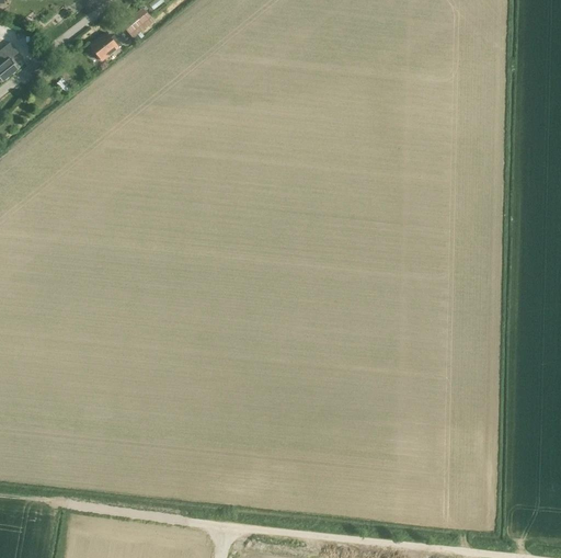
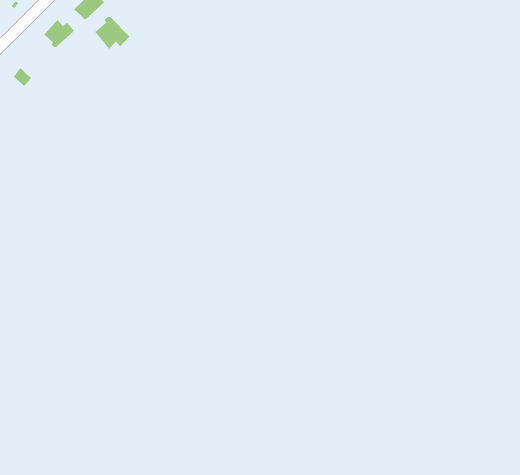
building: none -> [94,16,130,50]

